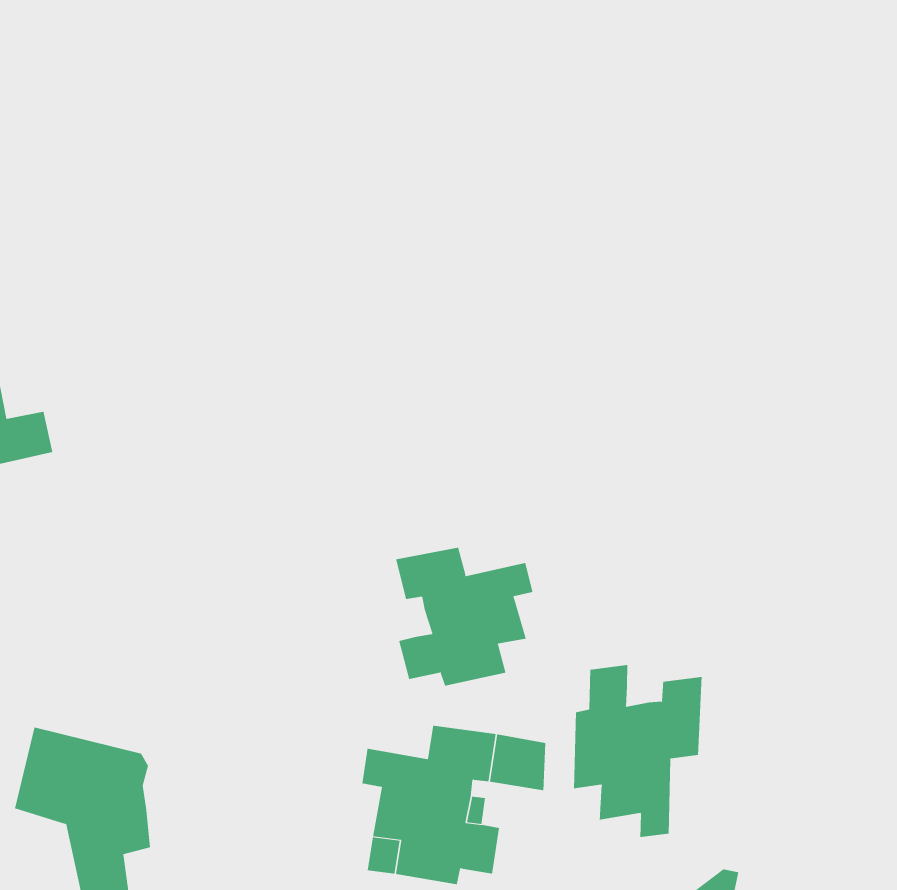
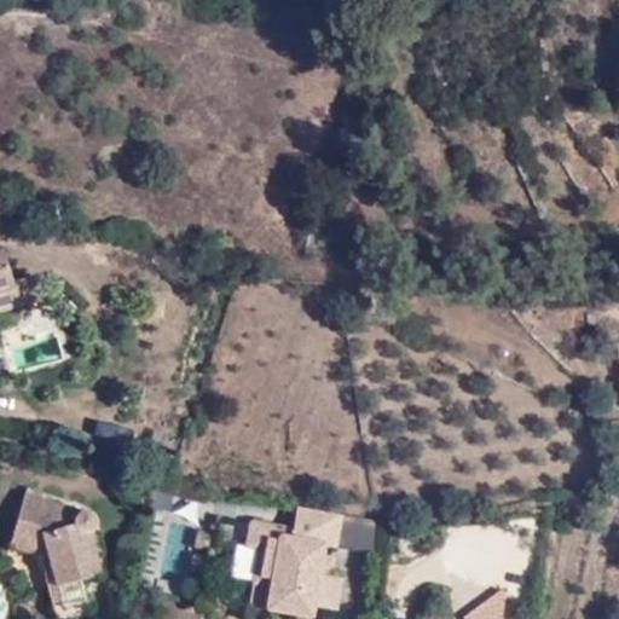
building: [396,547,533,687] -> none
building: [573,664,702,838] -> none

